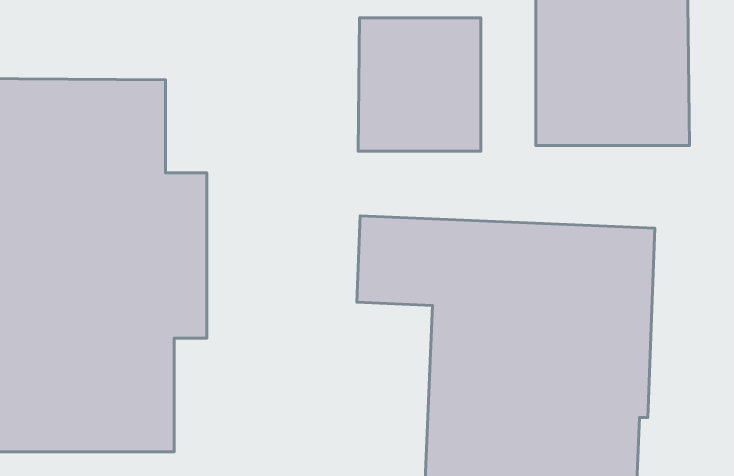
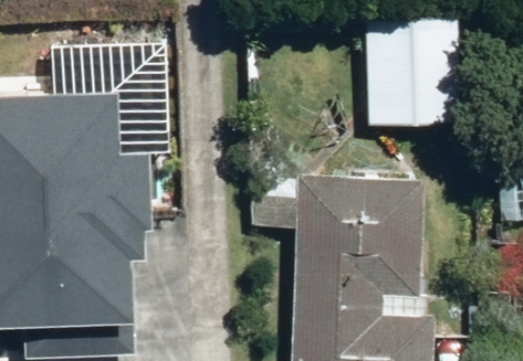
building: [358,18,481,151] -> none

